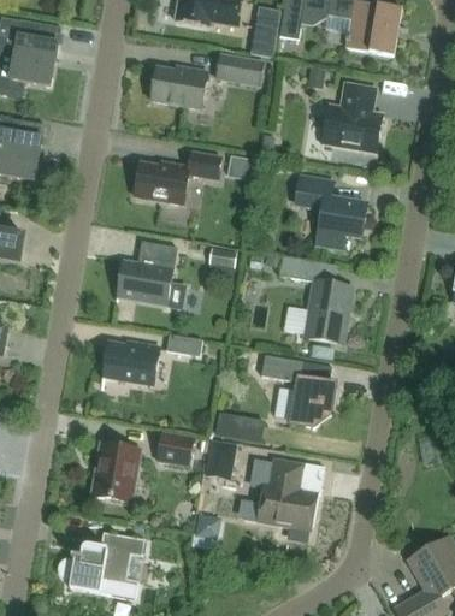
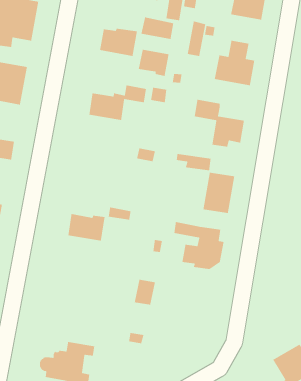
building: none -> [187,21,206,57]
building: none -> [138,49,169,77]
building: [116,242,183,304] -> none
building: [213,411,262,442] -> none
building: [153,427,193,466] -> none
building: [91,443,138,502] -> none
building: [258,460,317,528] -> none

